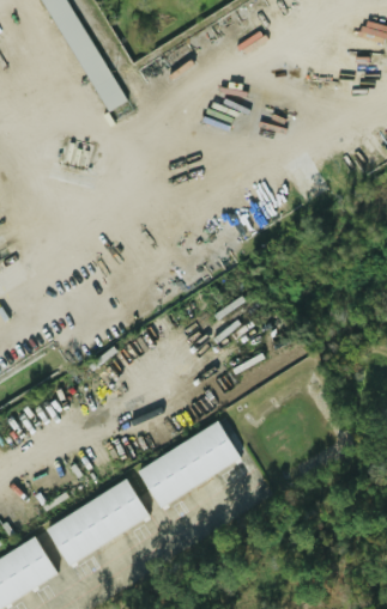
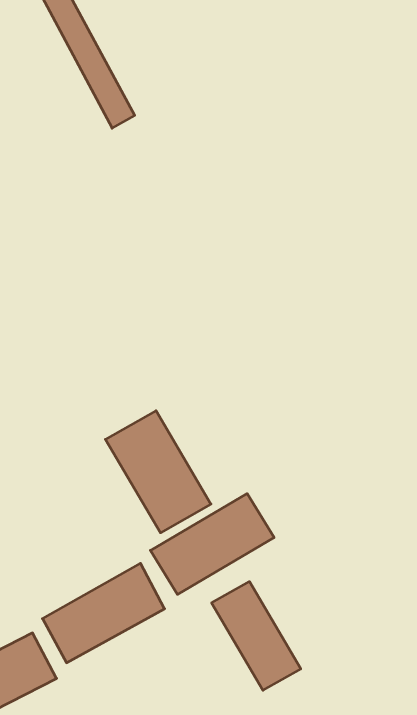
building: none -> [105,411,211,533]
building: none -> [212,582,301,690]

